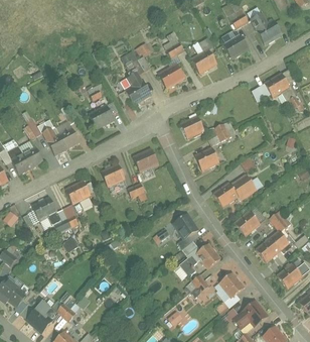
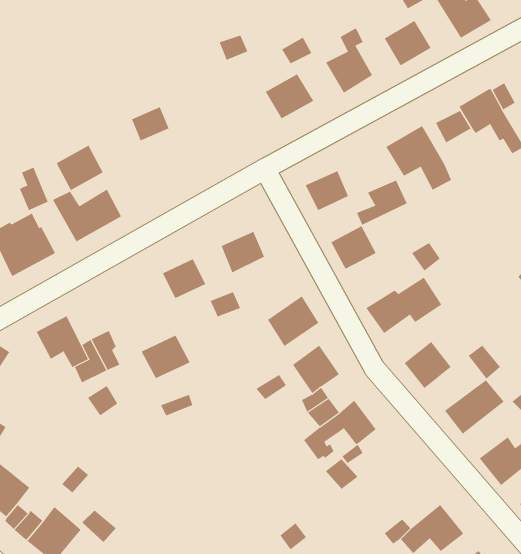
building: [127,71,151,105] -> none
building: none -> [385,125,452,190]
building: [89,104,115,129] -> [56,145,104,191]
building: [64,180,92,204] -> [141,335,190,379]
building: none -> [267,296,319,347]
building: [218,270,246,298] -> none

